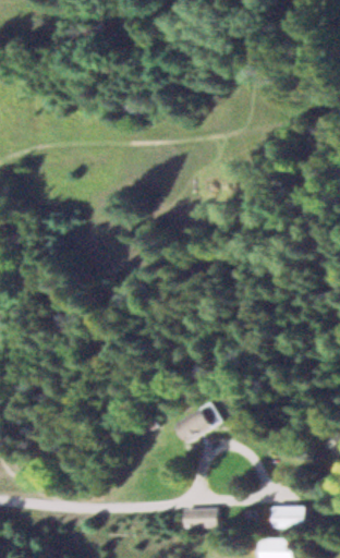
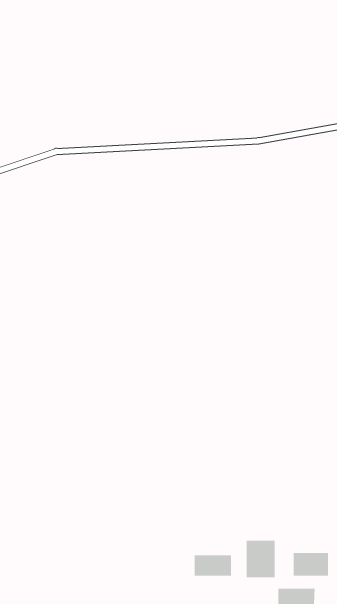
building: [174,402,222,442] -> none
building: none -> [246,540,275,578]

